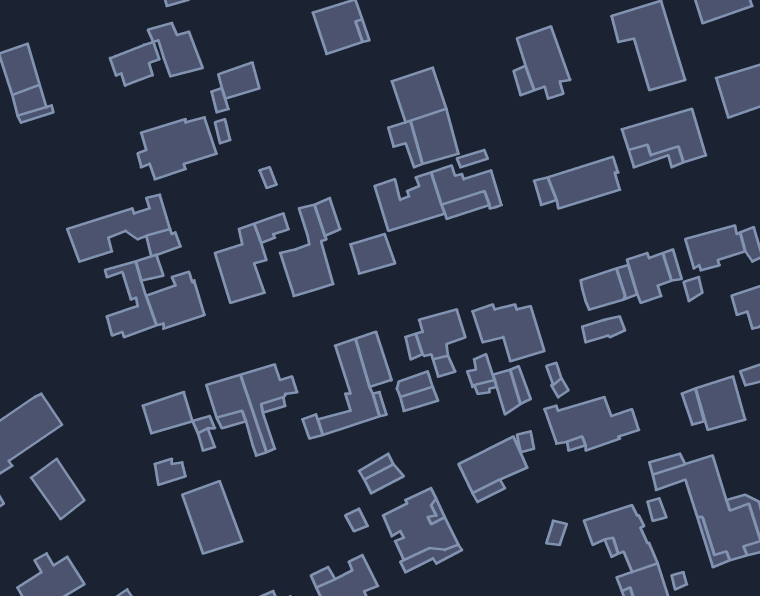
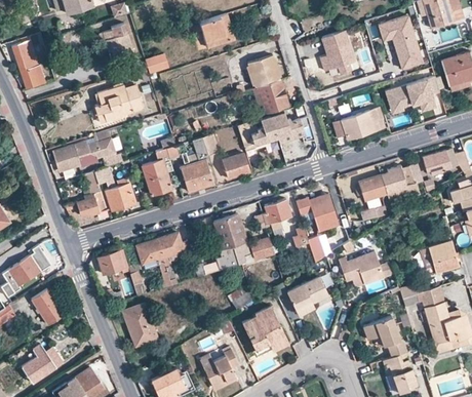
building: [110,42,159,86] -> none

